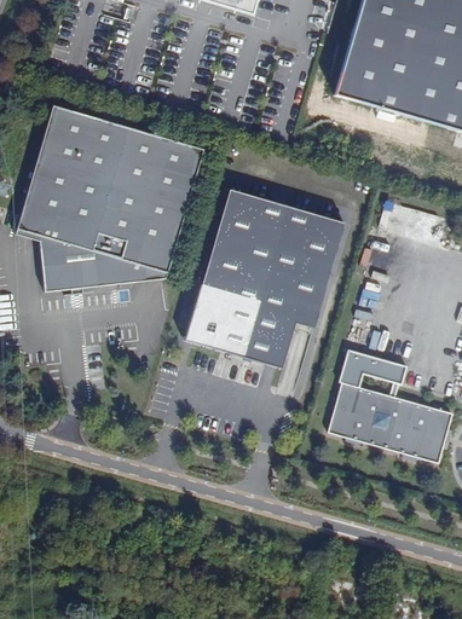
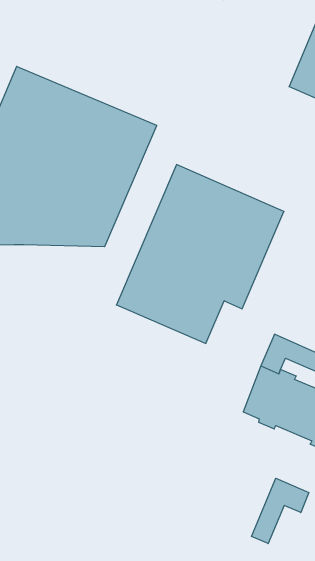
building: none -> [252,478,309,544]

